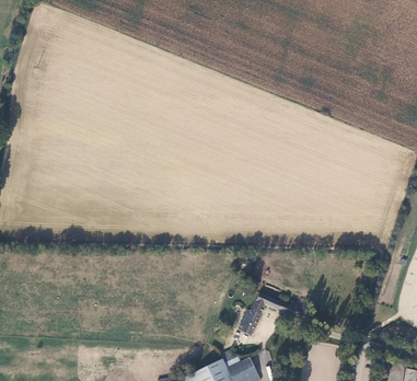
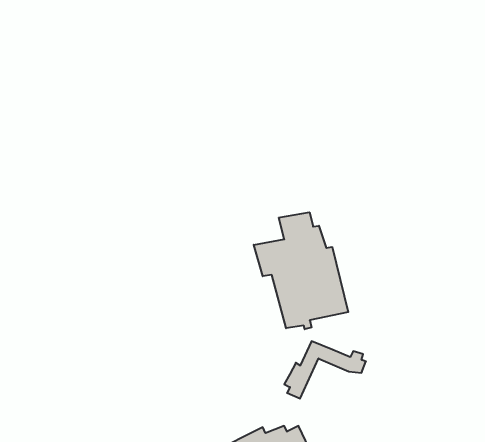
building: none -> [254,212,348,329]

